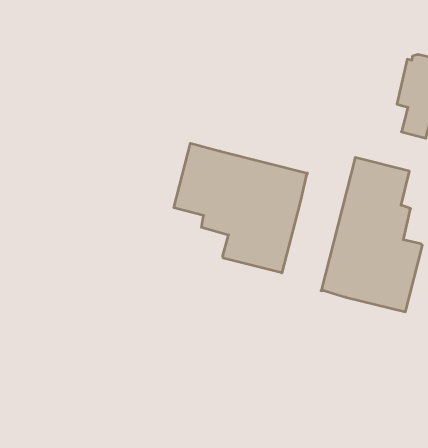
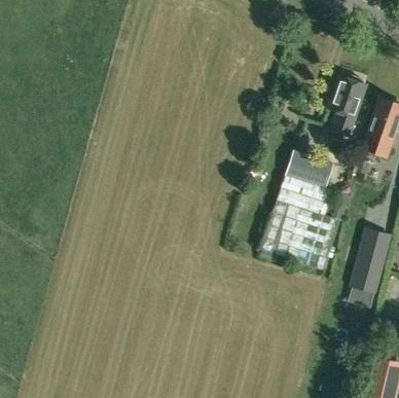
building: [174,143,307,273] -> none

